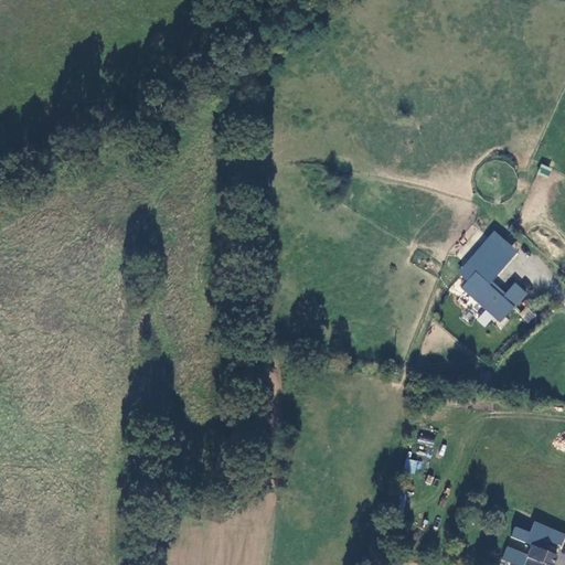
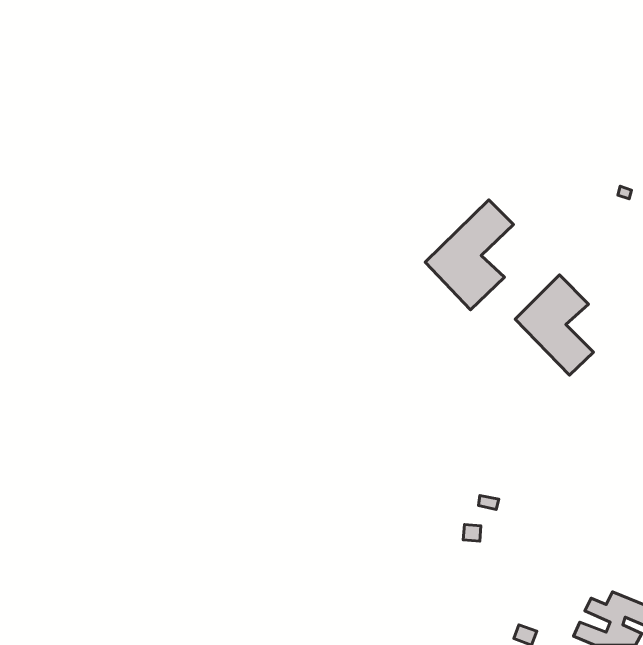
building: none -> [425,200,514,310]

